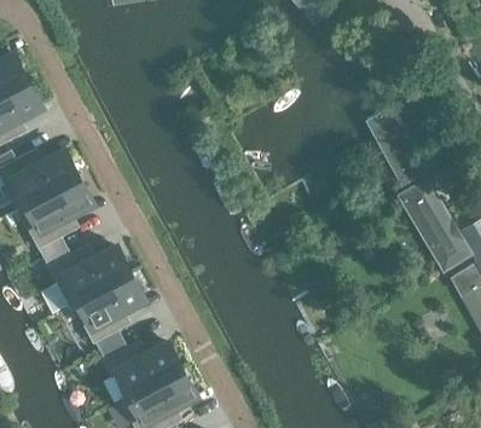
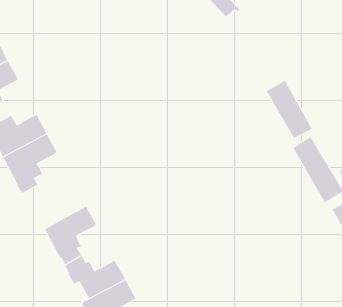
building: [44,245,129,306] -> none

